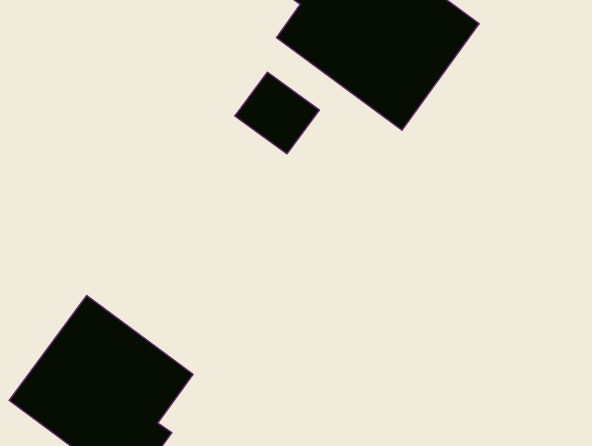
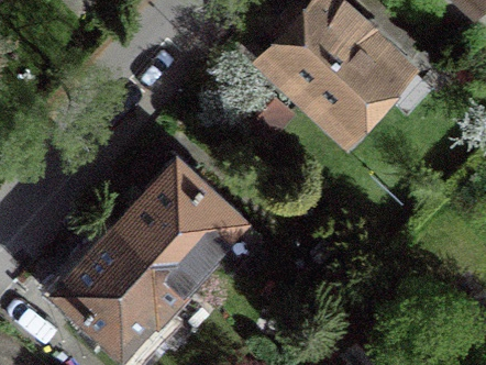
building: none -> [117,158,262,286]

